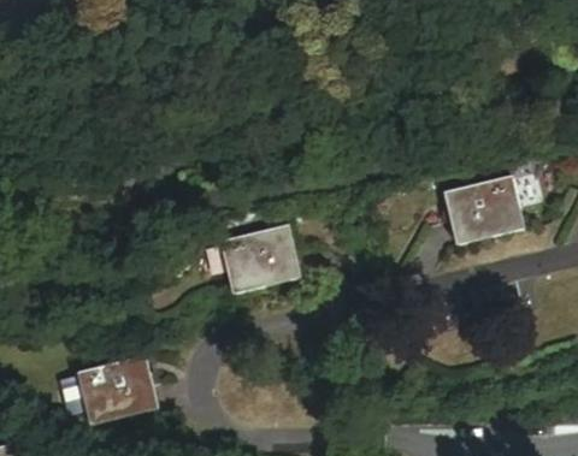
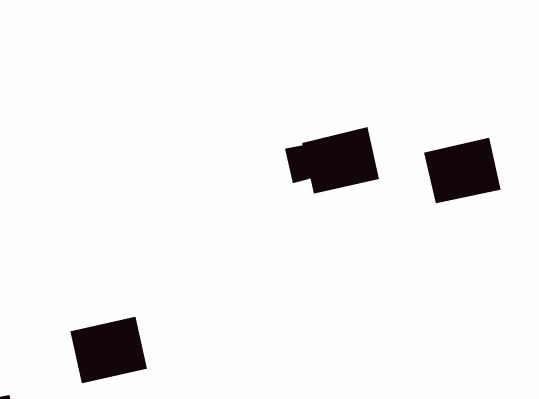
building: [201,225,300,295] -> [284,126,380,194]

